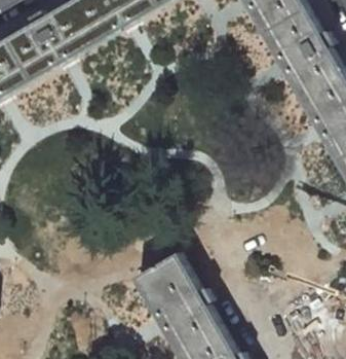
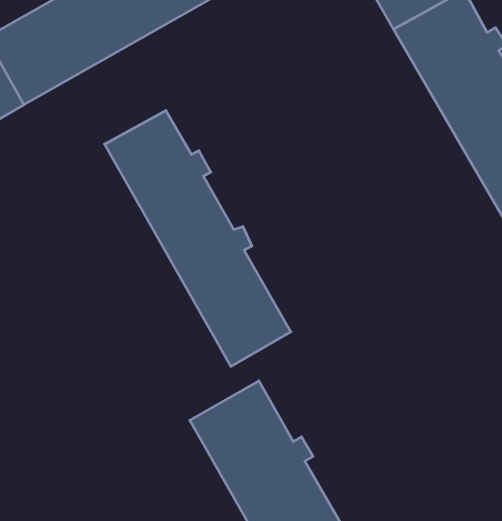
building: none -> [104,110,291,366]

